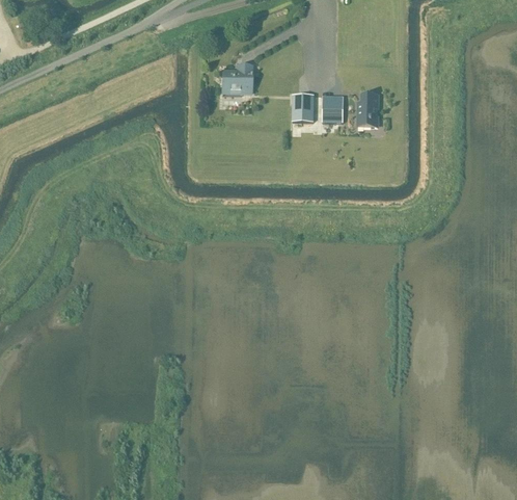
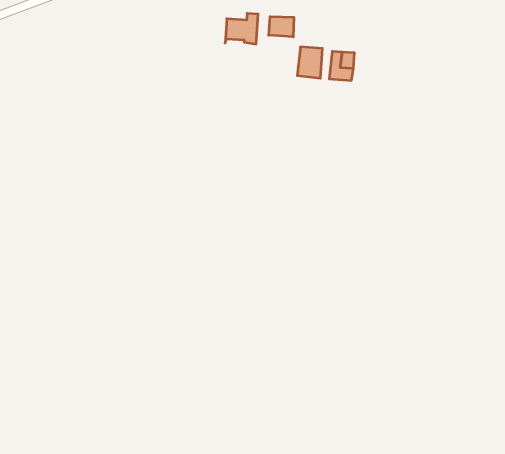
building: none -> [269,17,294,37]
building: [357,95,378,127] -> none

